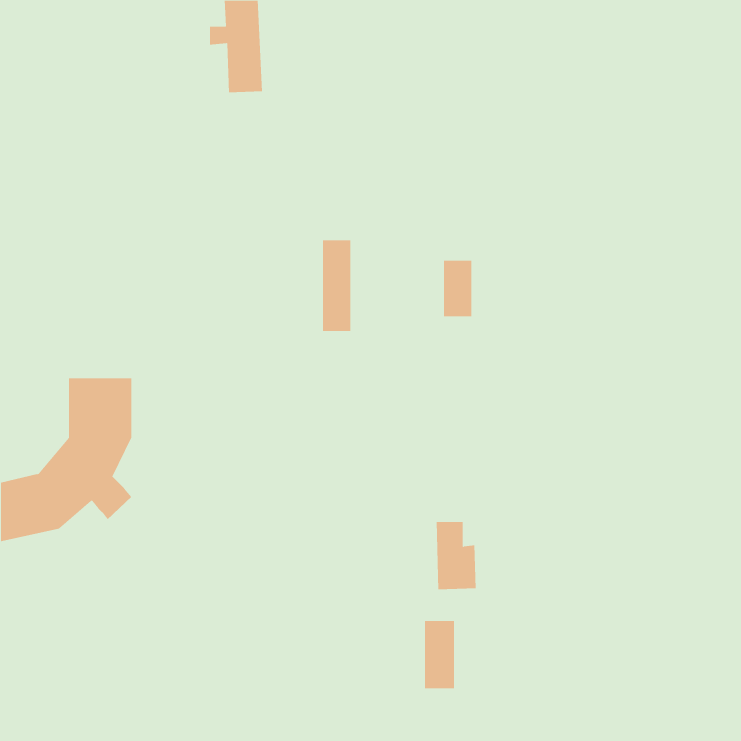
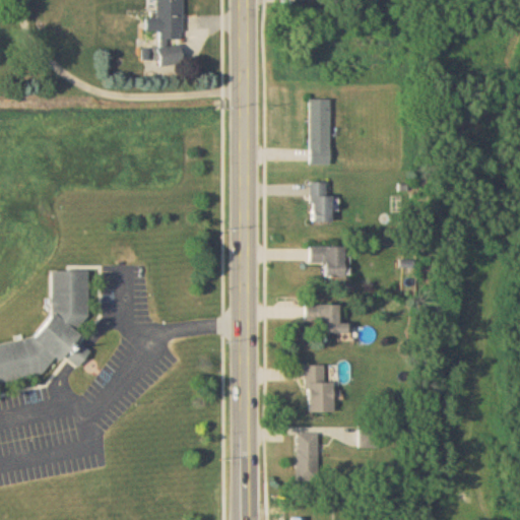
building: [322,240,351,331] -> [311,101,331,165]
building: none -> [311,248,346,273]
building: none -> [306,306,348,335]

